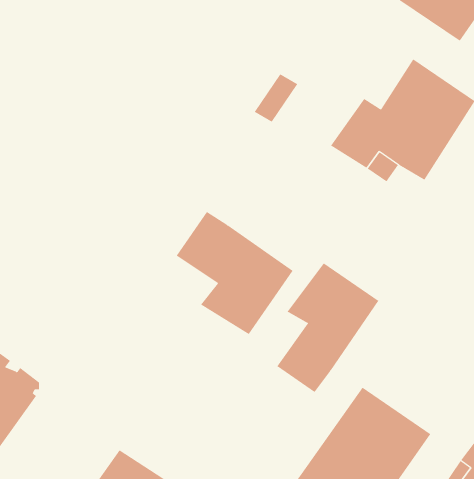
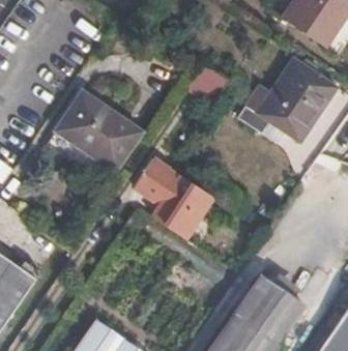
building: none -> [60,94,145,173]
building: [277,262,379,393] -> none

